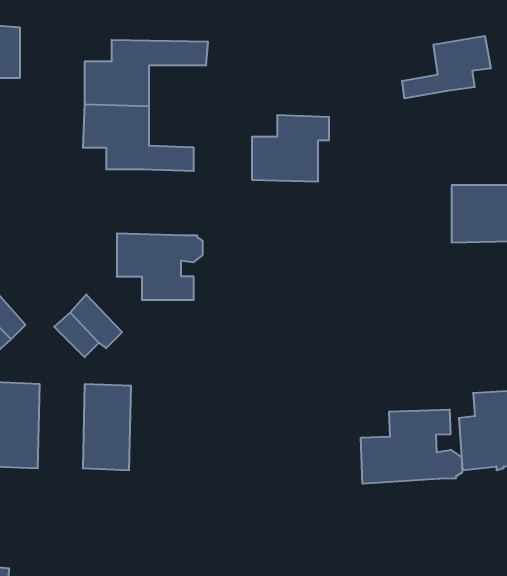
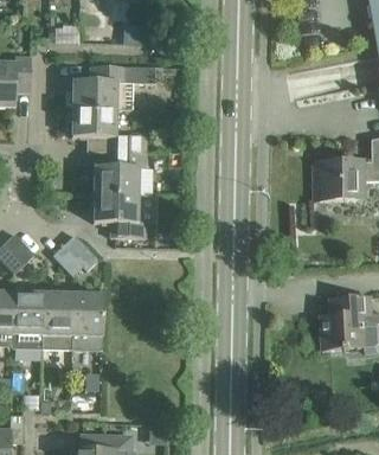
building: [402,36,491,98] -> none
building: [252,115,329,181] -> [94,150,144,194]
building: none -> [41,293,72,348]
building: [361,409,462,484] -> none

